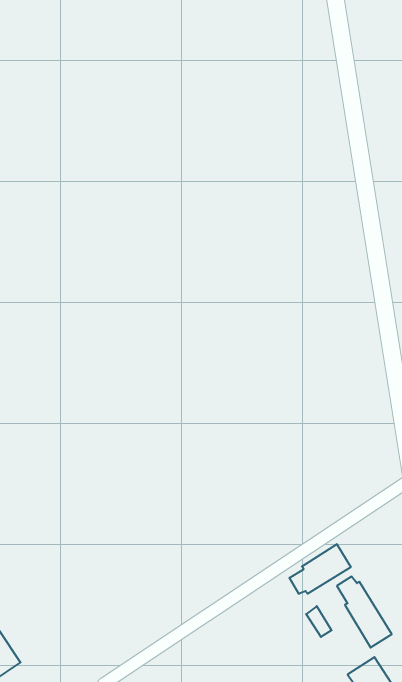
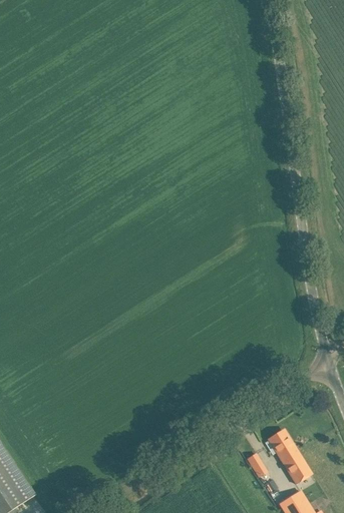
building: [289,544,351,594] -> none

